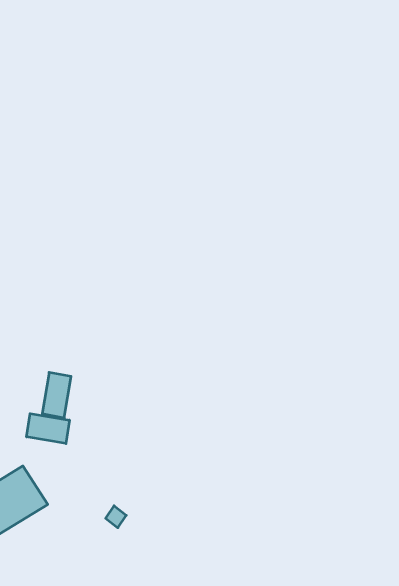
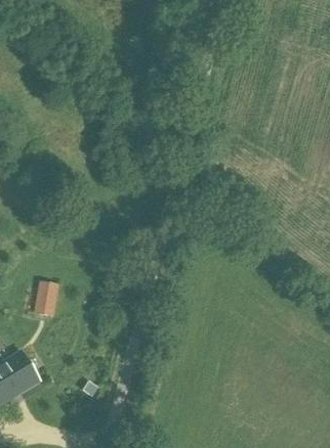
building: [27,414,69,444] -> none

